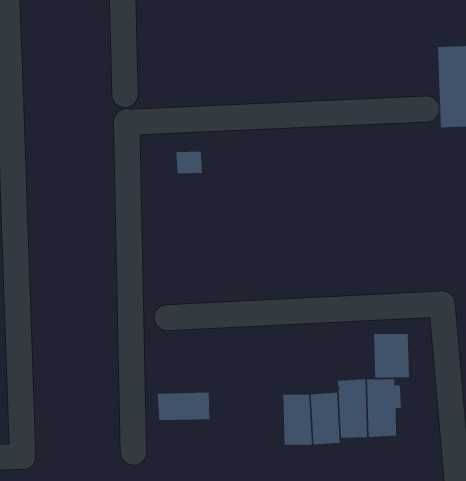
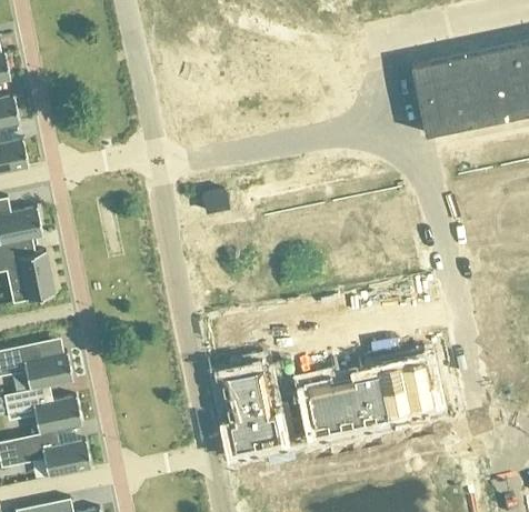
building: [373,333,410,379] -> none
building: none -> [218,361,267,402]
building: none -> [305,384,338,433]
building: none -> [228,414,285,451]

